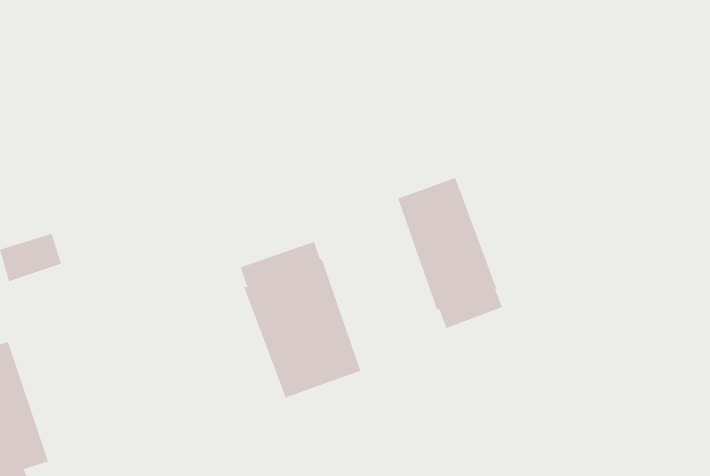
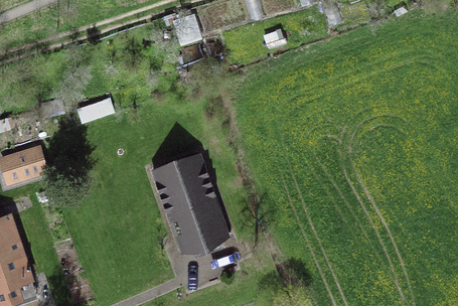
building: [397,177,502,329] -> none

